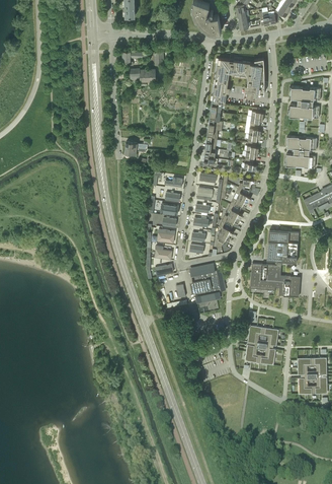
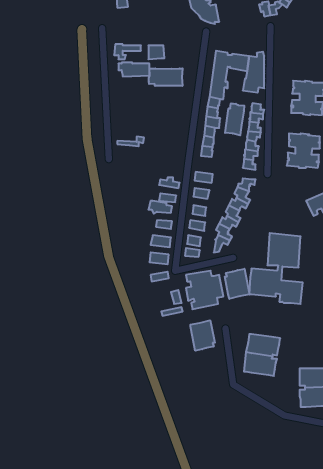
building: none -> [149,68,183,86]
building: none -> [225,103,244,135]
building: none -> [225,269,249,299]
building: none -> [190,320,215,351]

